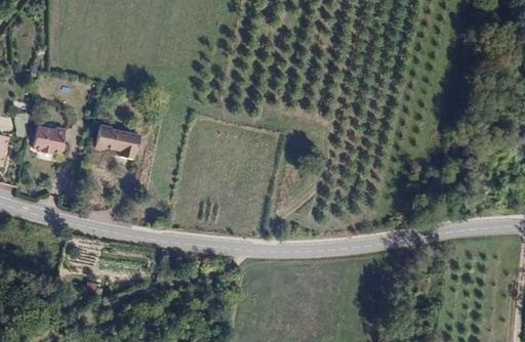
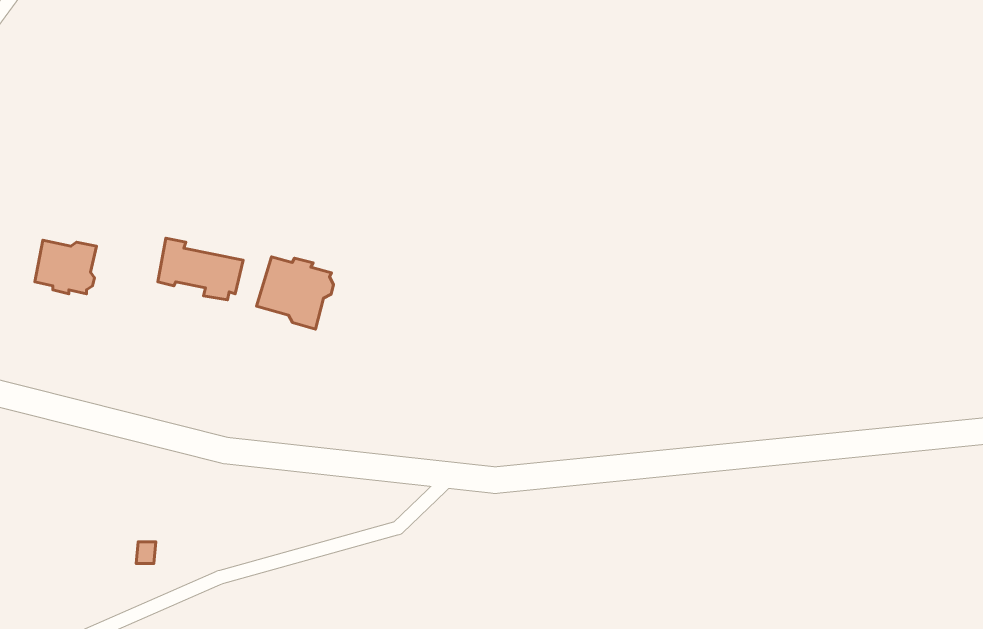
building: none -> [256,257,333,329]

